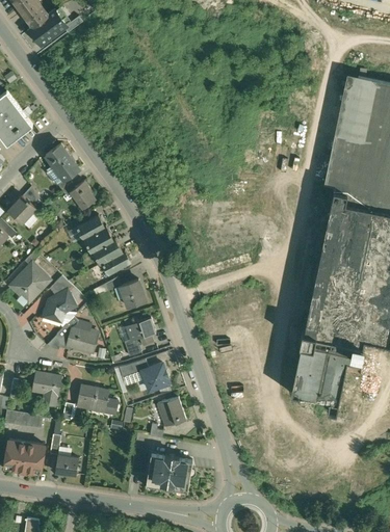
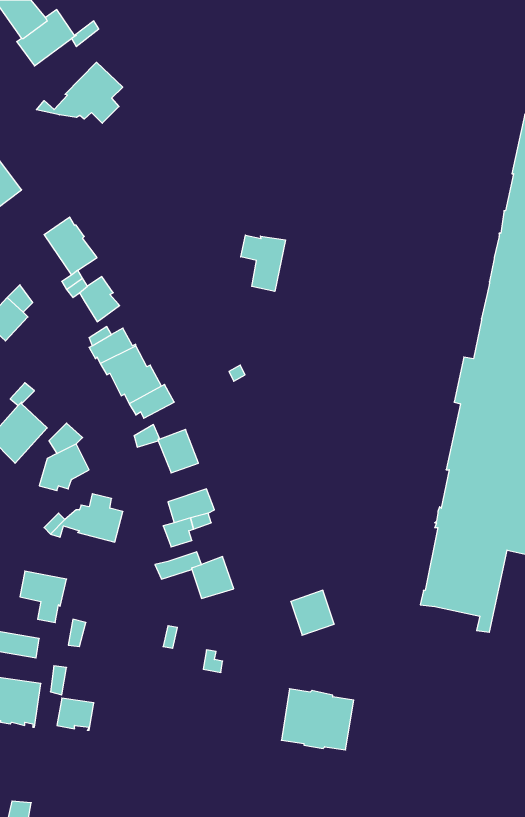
building: none -> [36,62,123,123]
building: none -> [241,235,285,291]
building: [76,385,118,414] -> none
building: [156,397,184,426] -> [291,590,334,635]
building: [145,453,191,493] -> [281,689,354,750]

